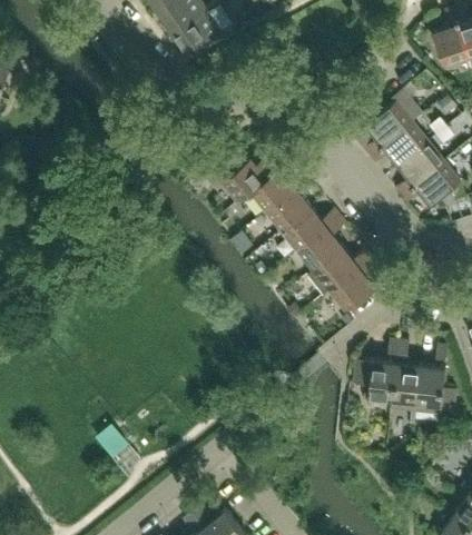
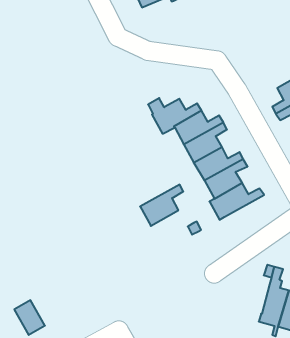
building: [330,257,378,313] -> [140,185,183,226]
building: [355,360,397,407] -> none

